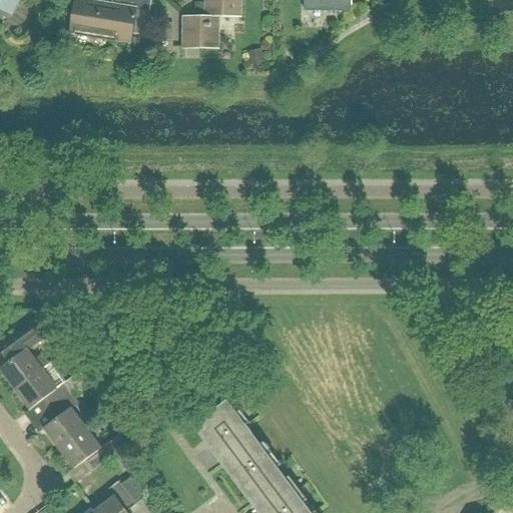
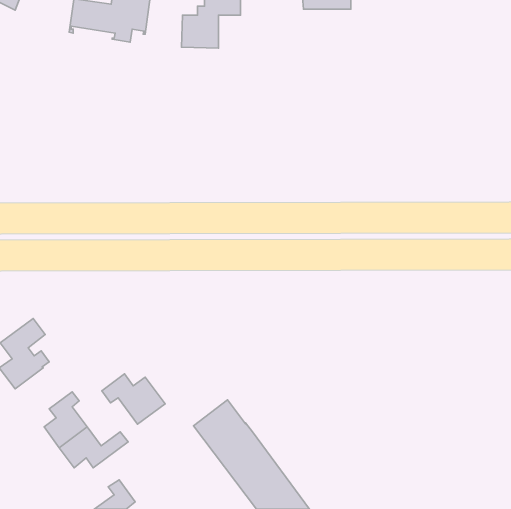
building: [15,368,72,409] -> none
building: none -> [102,374,165,424]

